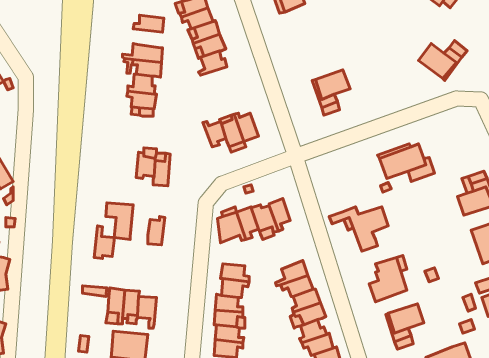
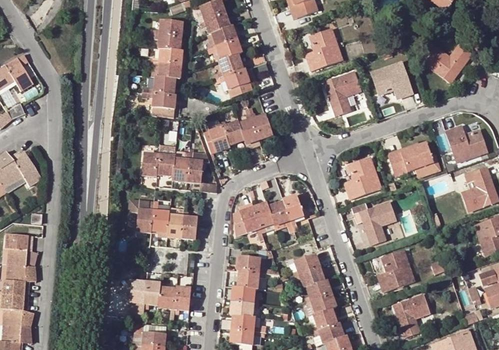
building: none -> [305,29,342,70]
building: none -> [153,33,182,51]
building: none -> [371,62,412,97]
building: none -> [218,68,252,97]
building: none -> [203,119,229,154]
building: none -> [445,125,487,162]
building: none -> [141,149,159,177]
building: none -> [187,152,203,184]
building: none -> [344,157,380,199]
building: none -> [181,212,198,240]
building: [94,226,114,259] -> [151,200,170,231]
building: none -> [174,286,191,313]

